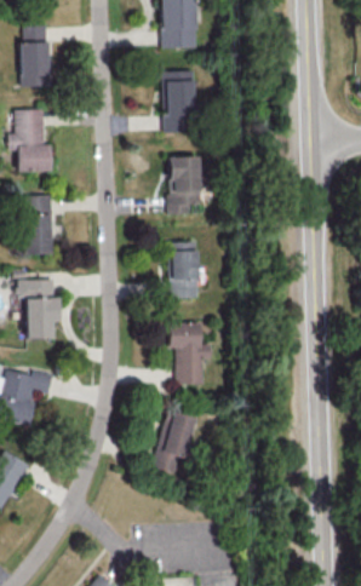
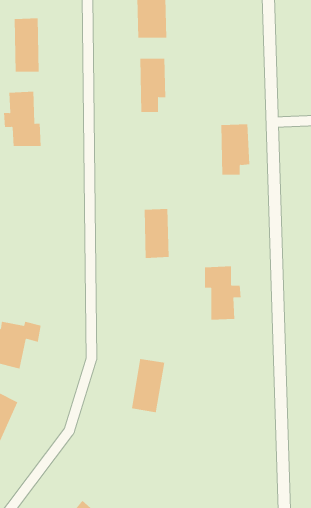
building: [168,156,202,214] -> [220,124,250,175]
building: [24,196,53,255] -> none
building: [18,280,61,339] -> none
building: [170,323,212,385] -> [204,266,241,320]

